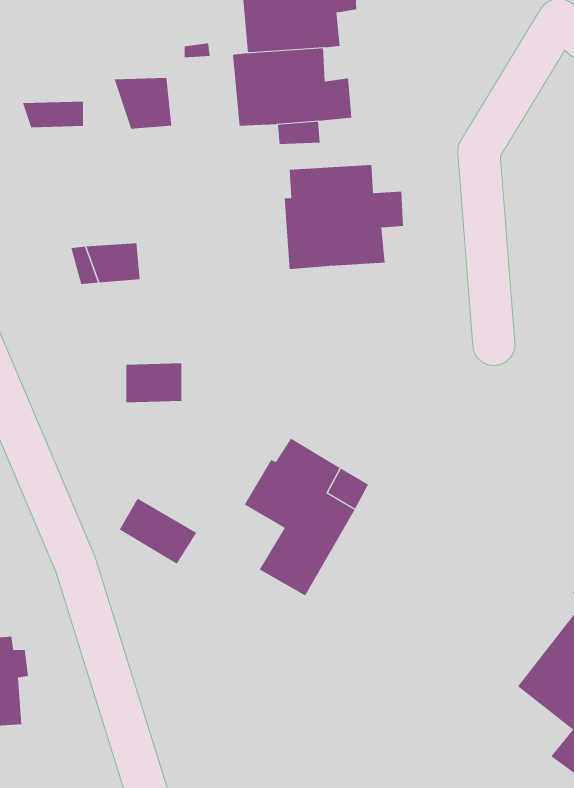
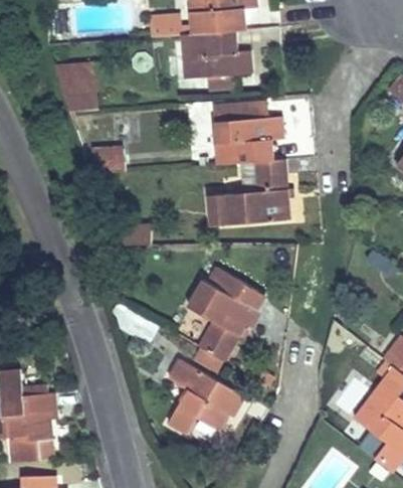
building: [114,77,172,129] -> [59,77,94,109]
building: none -> [210,159,289,225]
building: none -> [168,358,244,434]

